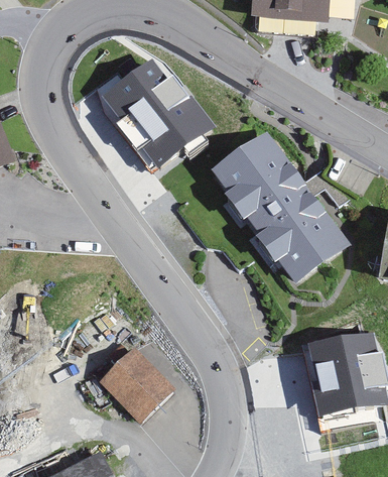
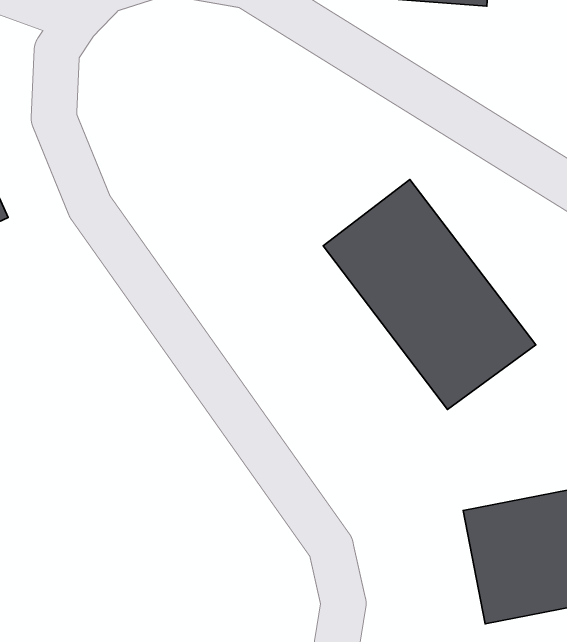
building: [103,63,211,172] -> none
building: [103,350,172,420] -> none

